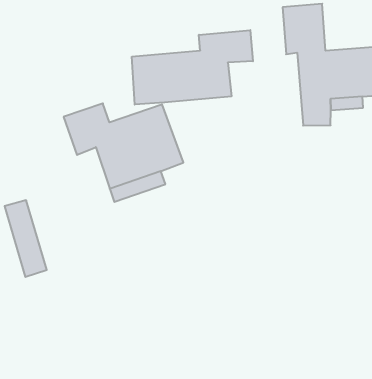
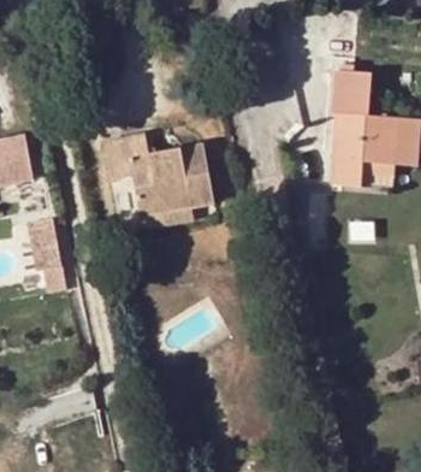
building: [132,30,253,105] -> none

